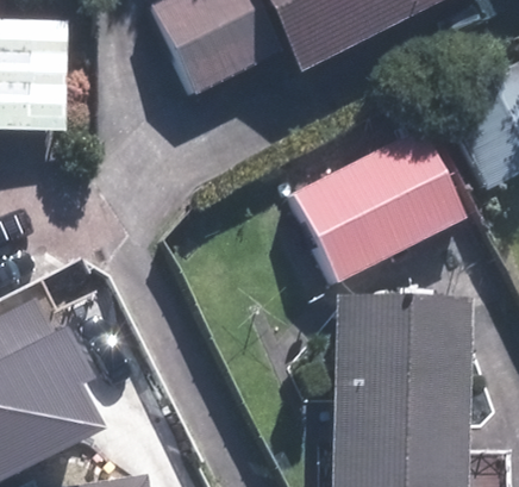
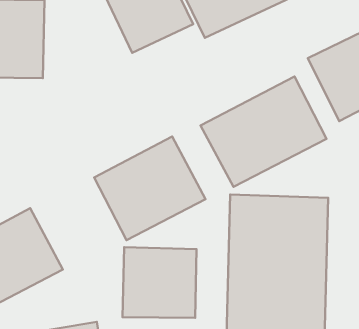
building: none -> [94,137,206,240]
building: none -> [122,247,196,318]

